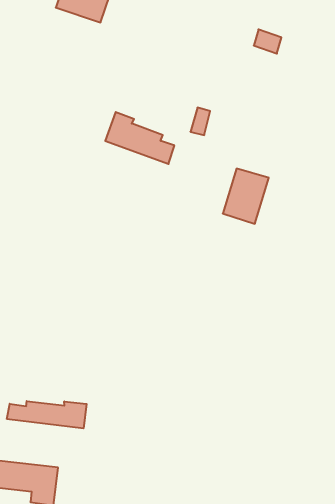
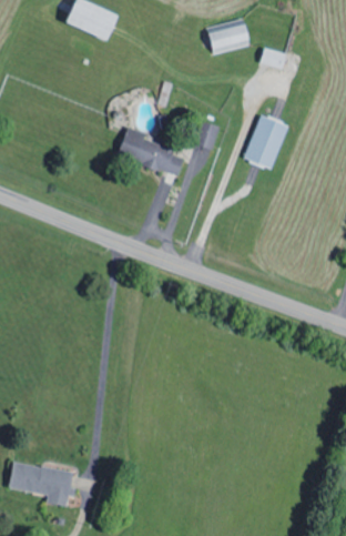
building: none -> [211,23,254,52]
building: [223,169,269,224] -> [244,114,288,168]
building: [7,401,87,428] -> none

